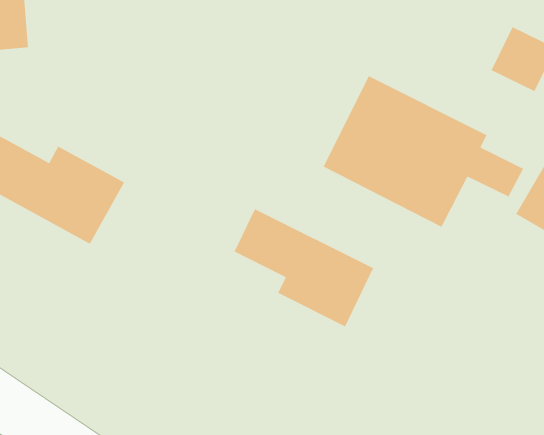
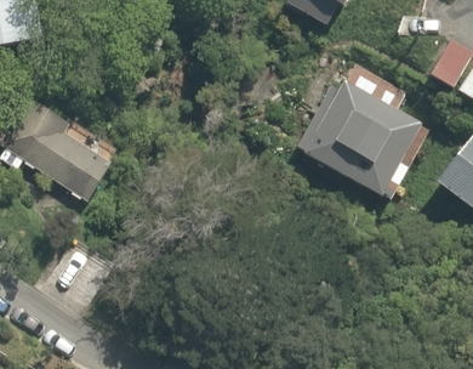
building: [234,208,374,327] -> none

